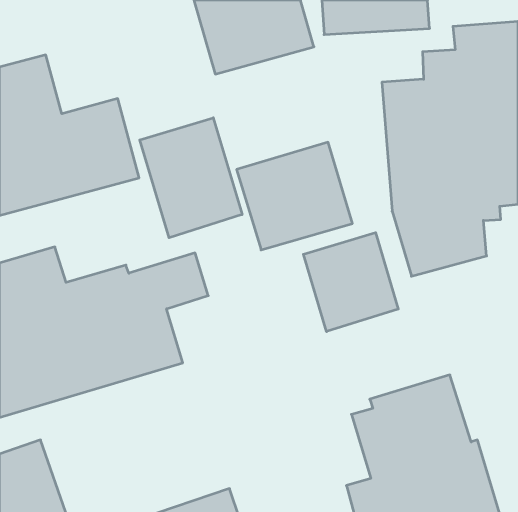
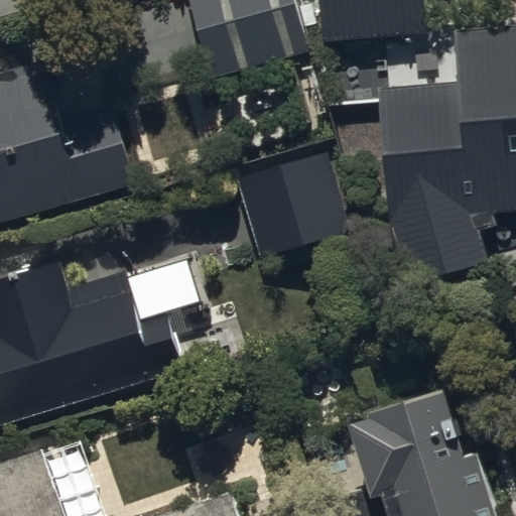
building: [140,118,242,238] -> none
building: [303,233,398,332] -> none

